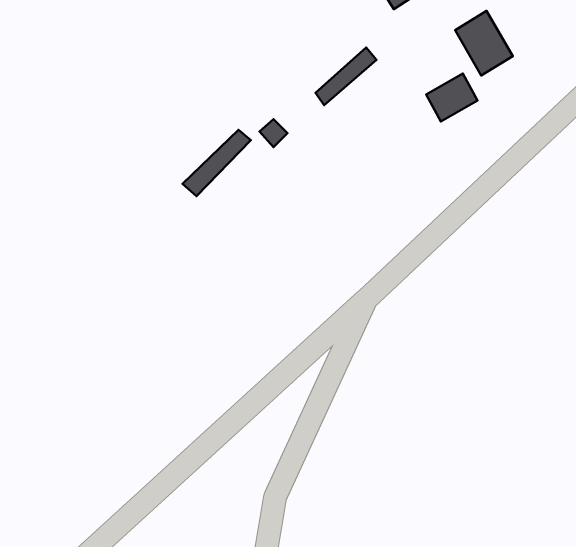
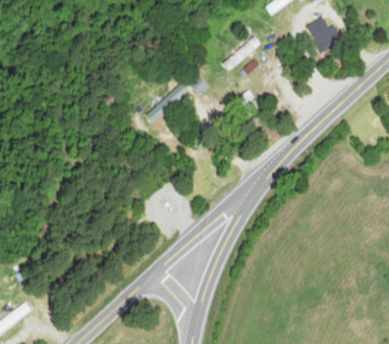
building: [426,73,478,121] -> none

